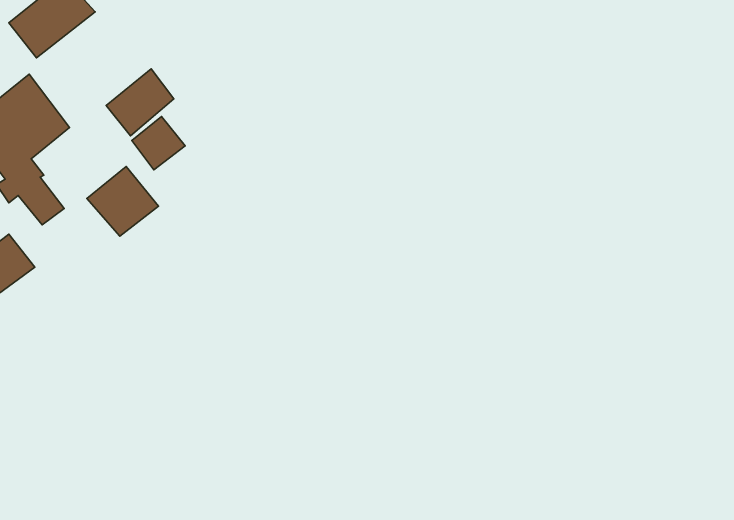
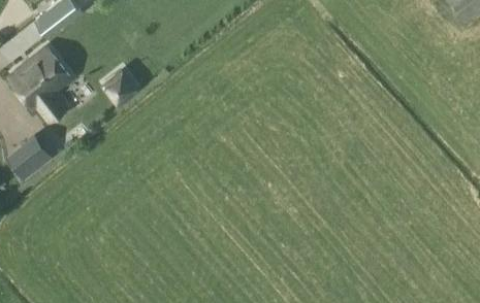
building: [106,69,174,136] -> none
building: [87,167,158,236] -> none

